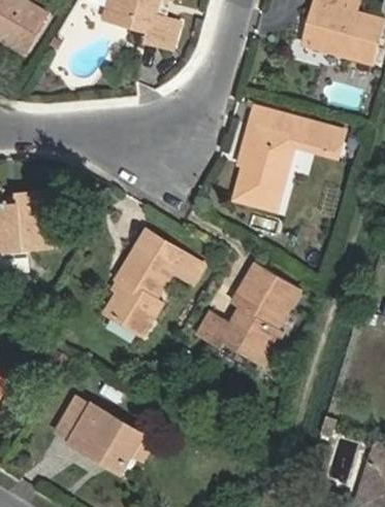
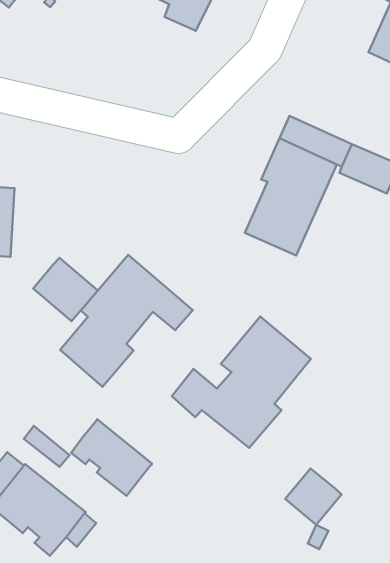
building: none -> [33,258,98,321]
building: none -> [71,419,152,496]
building: none -> [285,468,342,525]

